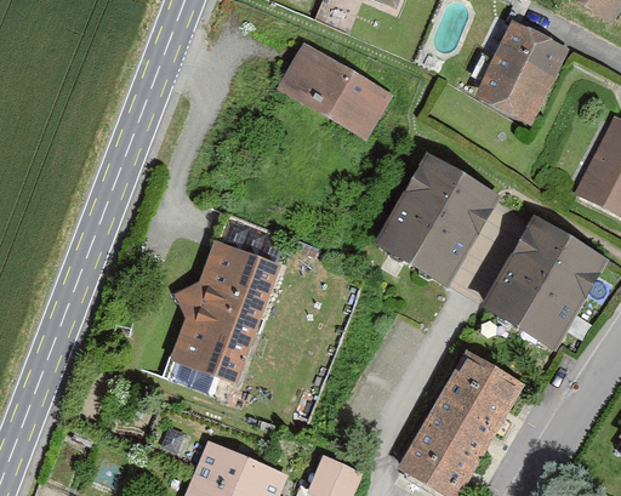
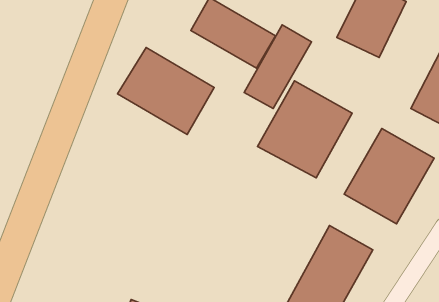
building: none -> [244,25,311,109]
building: none -> [118,47,214,135]
building: [166,243,272,384] -> none

